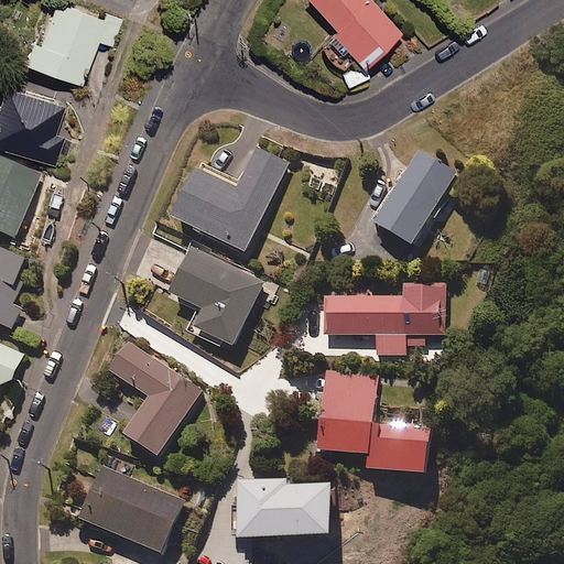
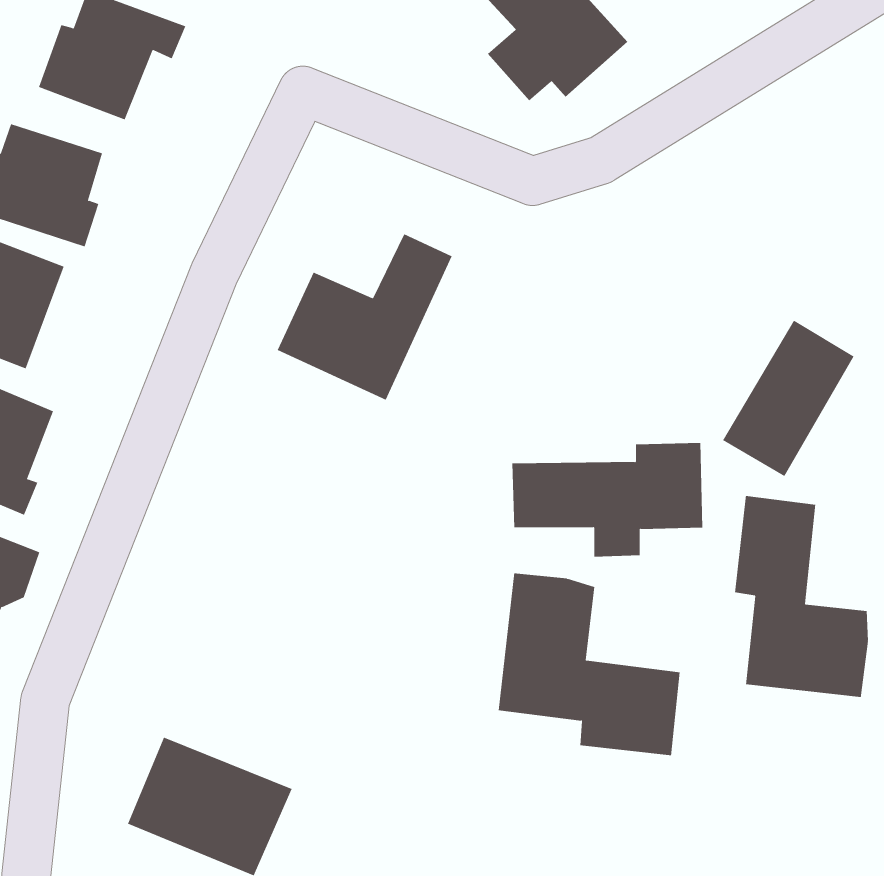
building: [372,149,456,248] -> [722,320,854,477]
building: [171,248,263,349] -> none
building: none -> [734,495,868,698]
building: [110,344,202,458] -> none
building: [236,478,330,544] -> none

